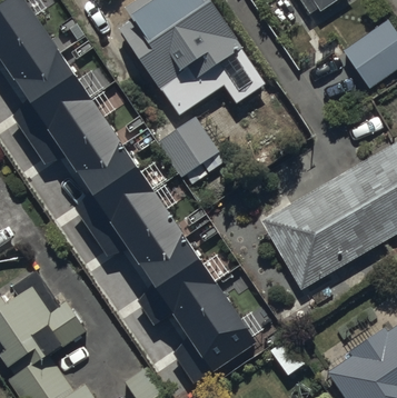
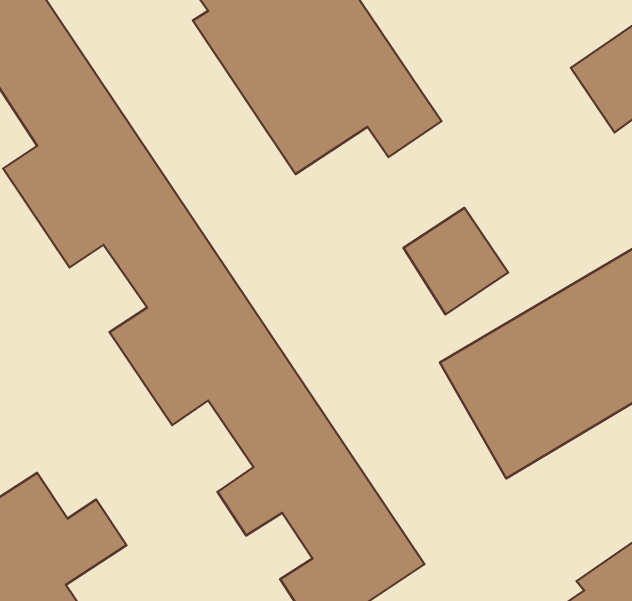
building: [158,116,219,178] -> [404,208,508,314]

